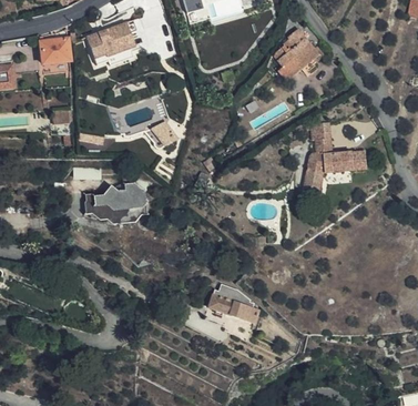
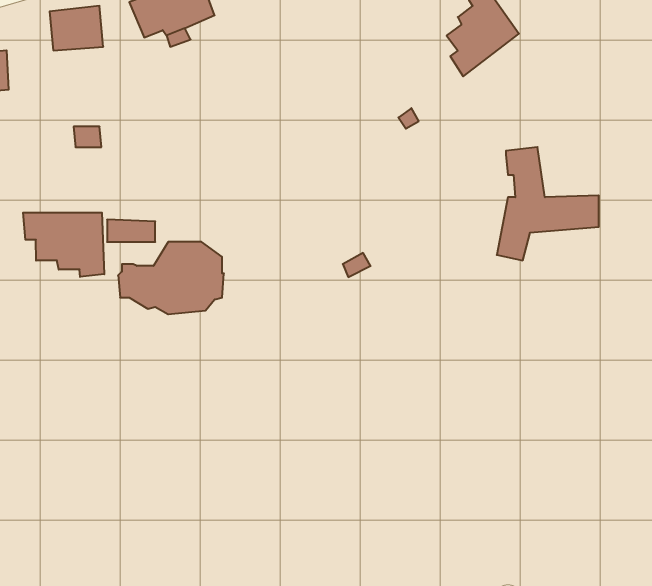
building: [149,119,177,148] -> none
building: none -> [23,213,104,277]
building: [207,286,257,326] -> none

